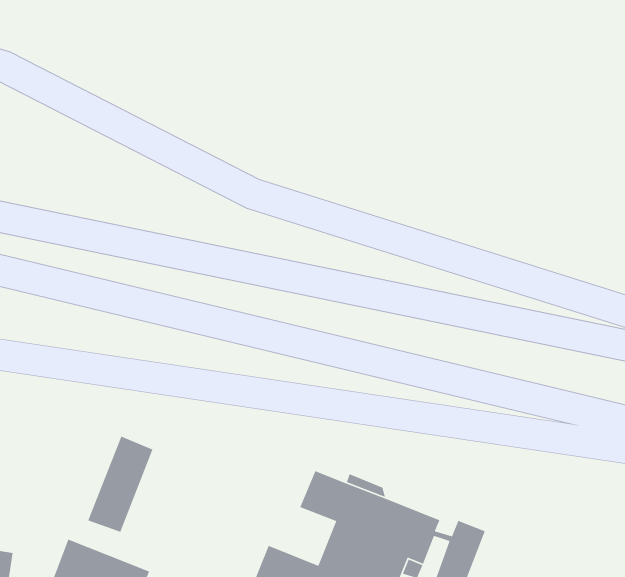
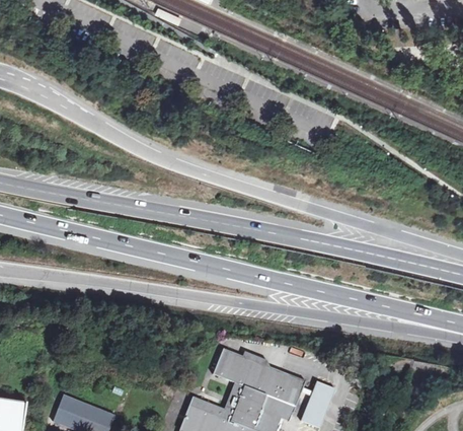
building: [87,435,154,533] -> none

